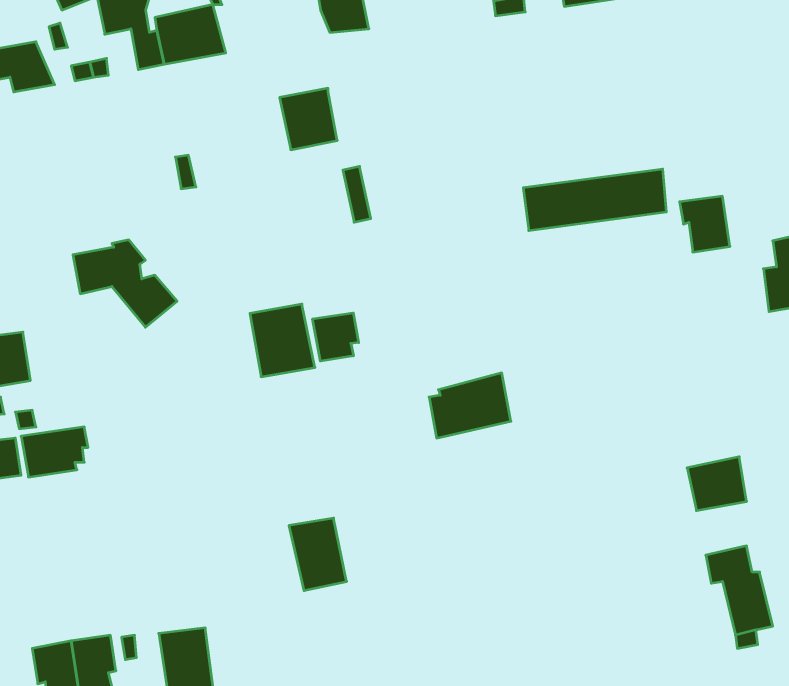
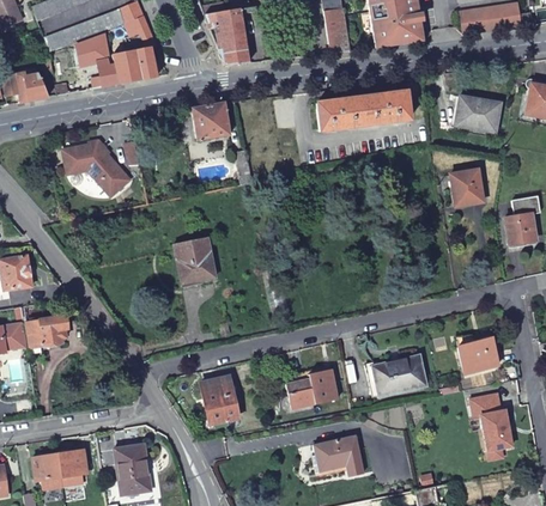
building: none -> [455,93,500,130]
building: [523,169,666,231] -> [315,90,407,129]
building: [73,240,177,327] -> [63,140,131,196]
building: [313,313,359,361] -> none
building: [429,373,511,438] -> [283,367,335,409]
building: none -> [370,353,425,396]
building: none -> [313,438,360,477]

